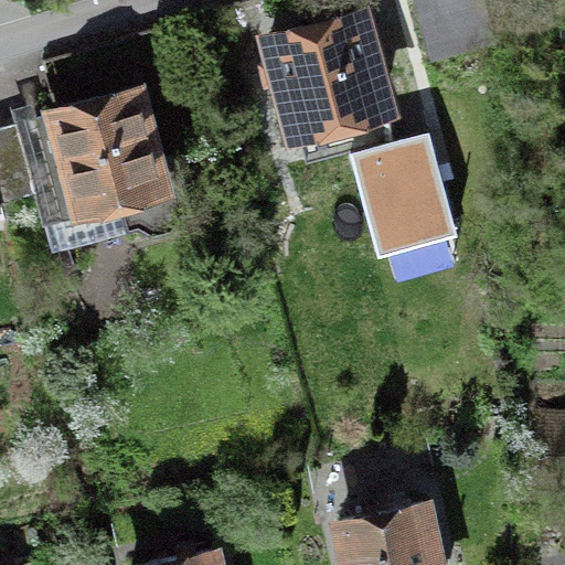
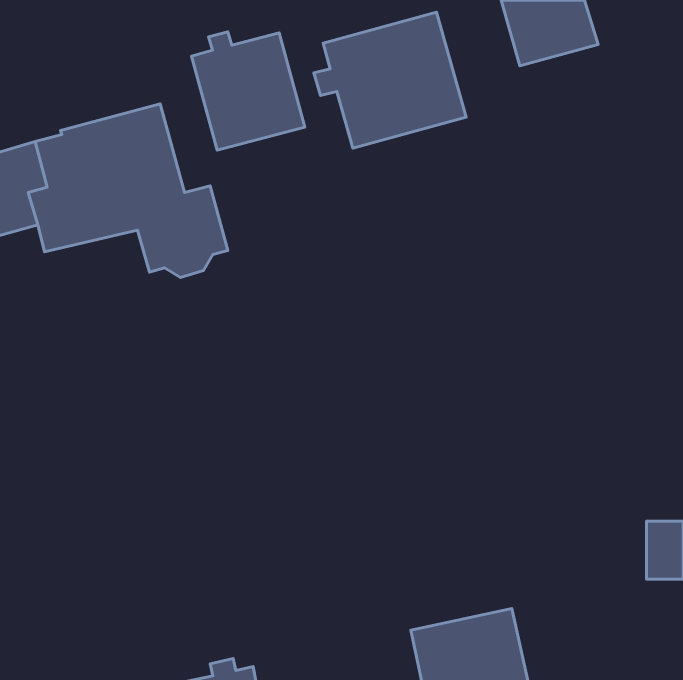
building: none -> [191,32,305,150]
building: [354,116,448,232] -> none

